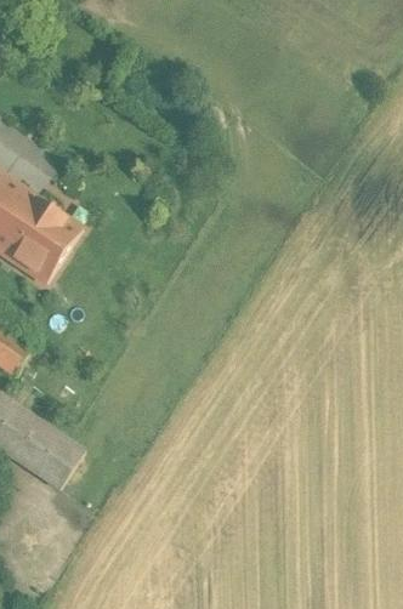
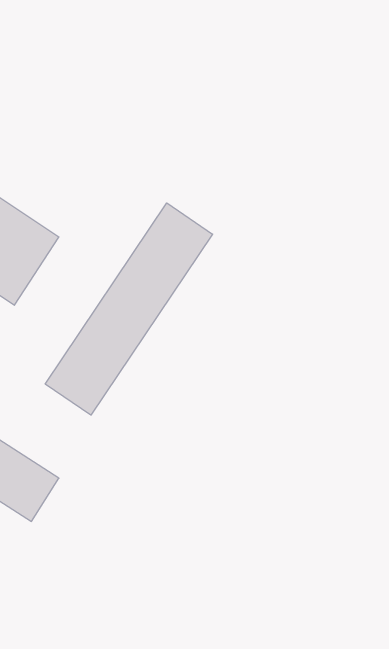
building: none -> [45,203,213,415]

